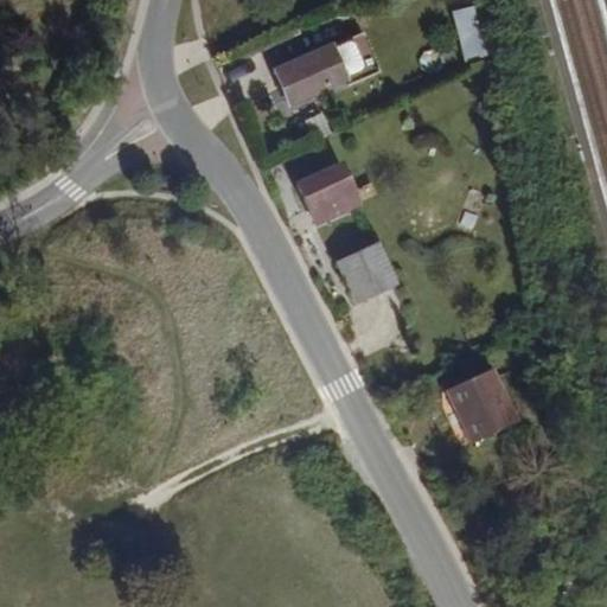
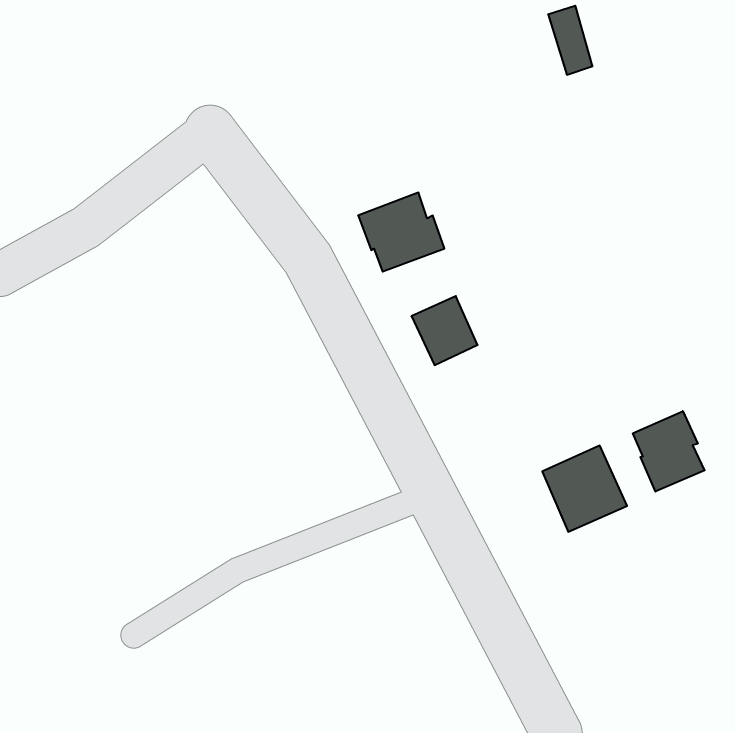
building: [271,41,353,108] -> none
building: none -> [633,411,705,492]

